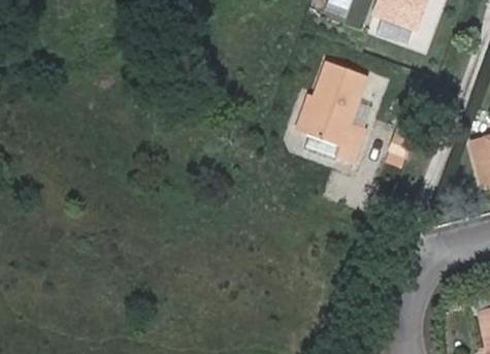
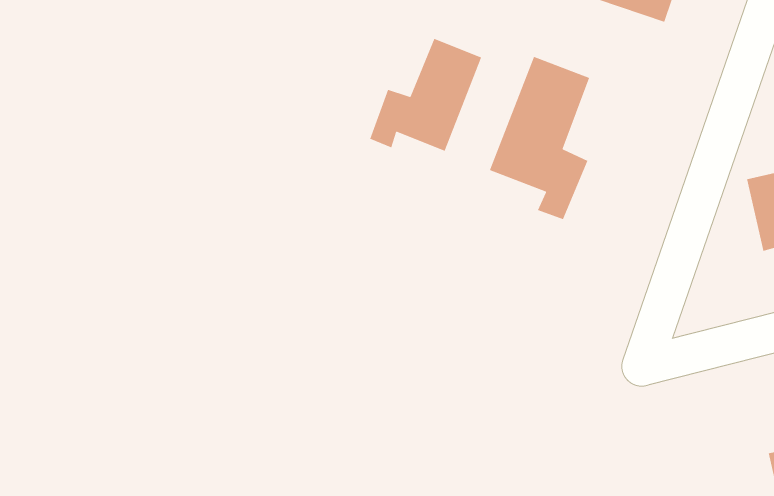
building: none -> [369,38,482,152]

